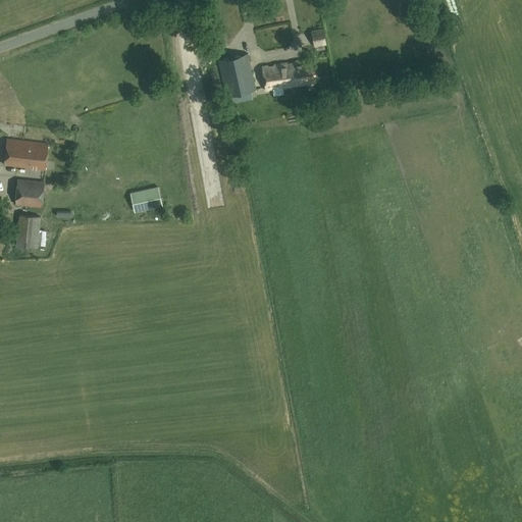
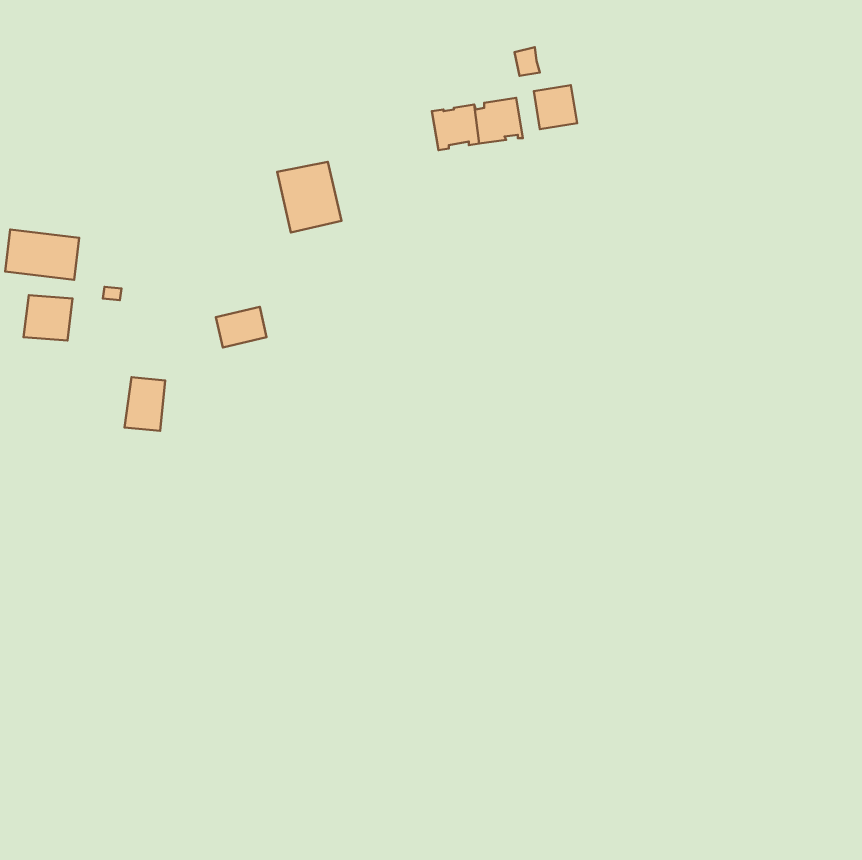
building: none -> [534,85,577,129]
building: [217,55,256,98] -> [277,162,341,233]
building: [15,215,40,248] -> [125,377,165,431]

